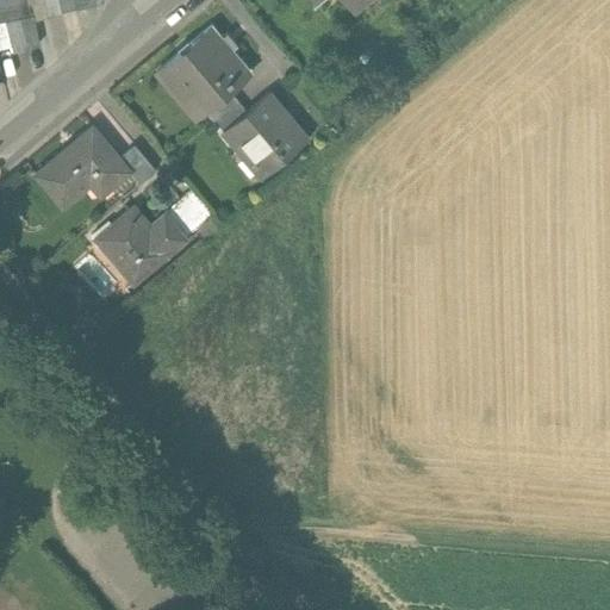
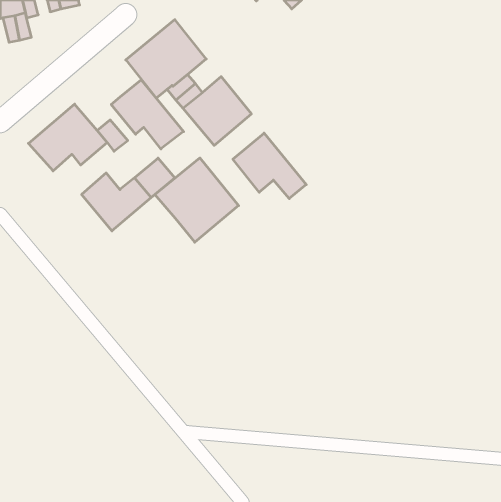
building: none -> [111,80,184,149]
building: none -> [233,133,306,199]
building: none -> [155,158,239,242]

